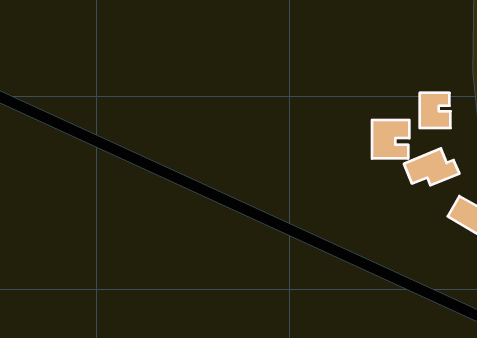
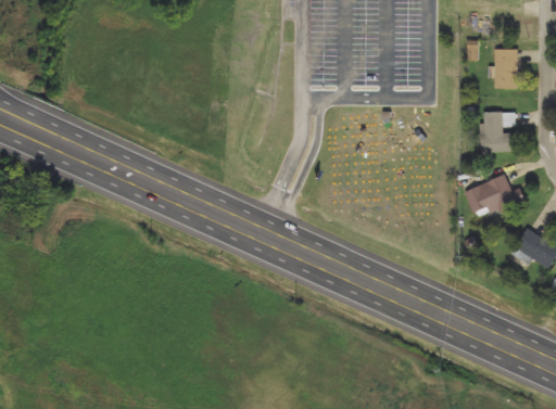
building: none -> [493,49,517,88]
building: [372,120,409,159] -> none

